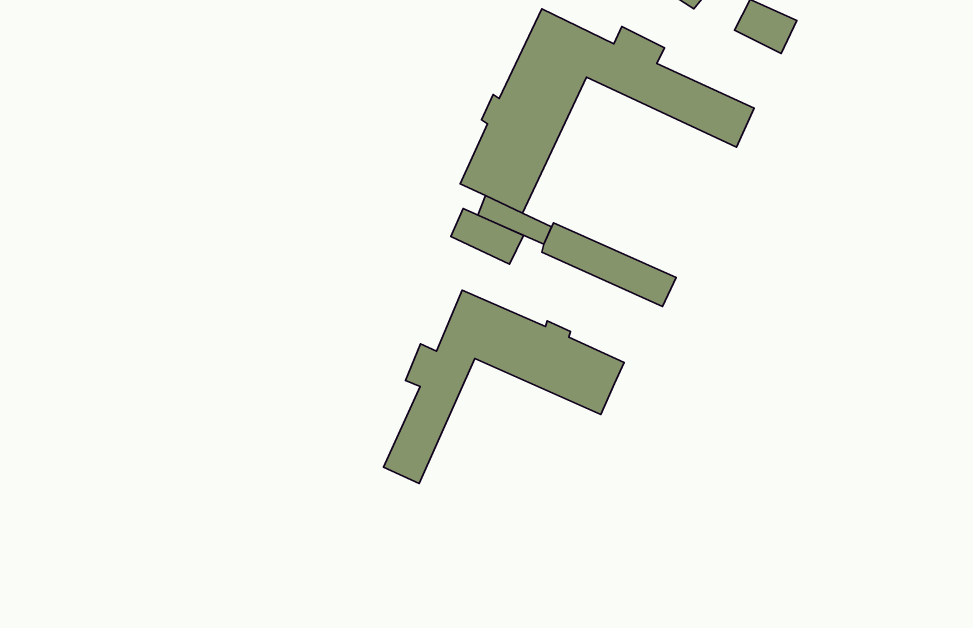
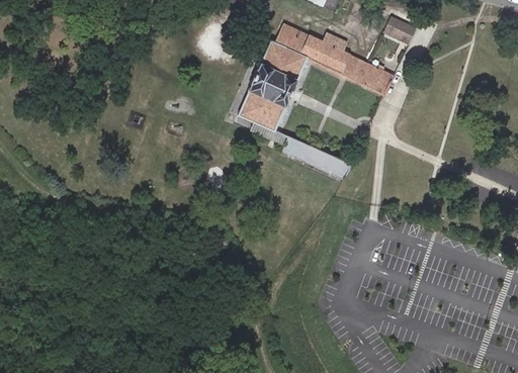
building: [451,209,524,264] -> none
building: [384,290,624,483] -> none

